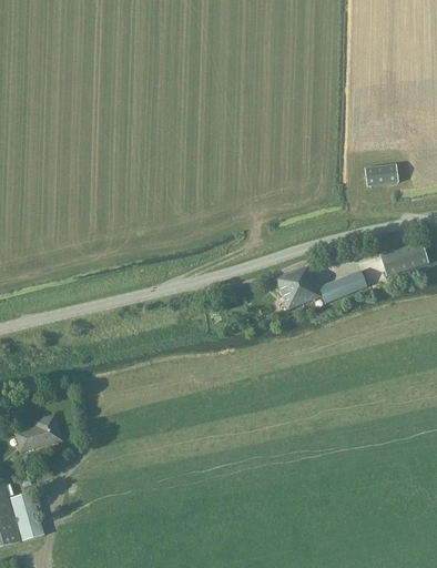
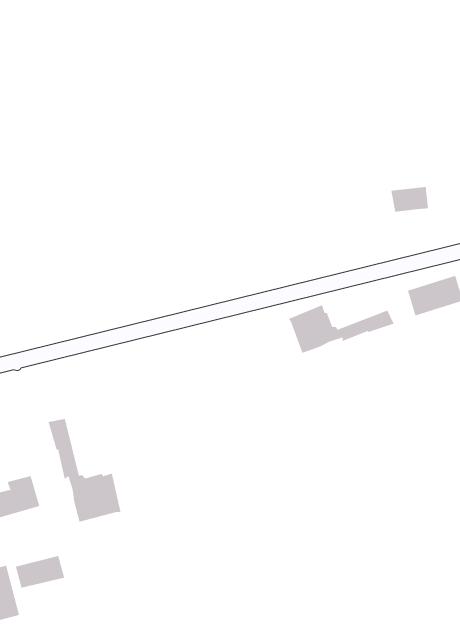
building: none -> [48,418,121,522]
building: none -> [15,555,65,588]

